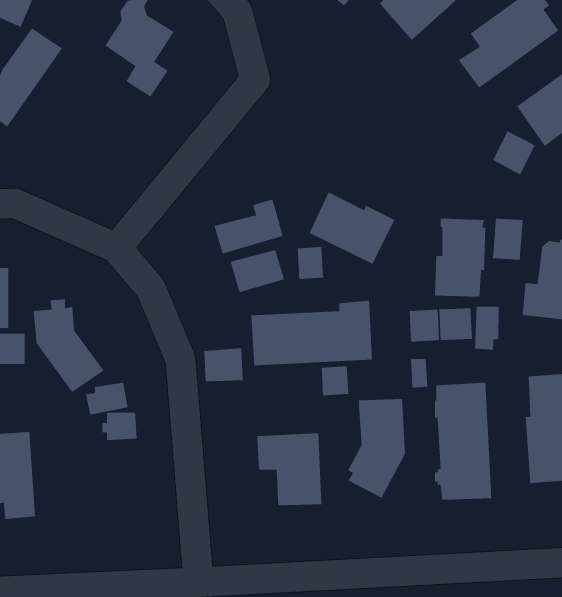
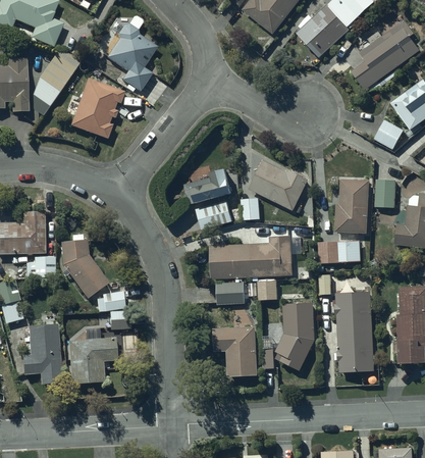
building: none -> [70,81,123,143]
building: [475,306,499,350] -> none
building: [203,348,244,382] -> [216,281,244,304]
building: none -> [68,327,117,381]

